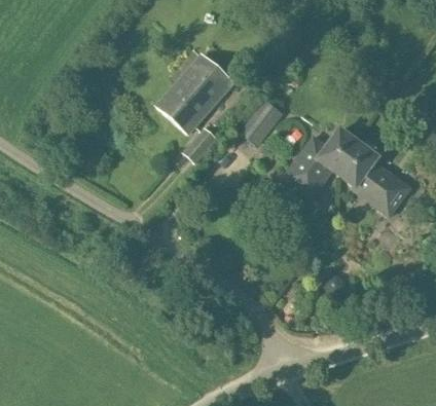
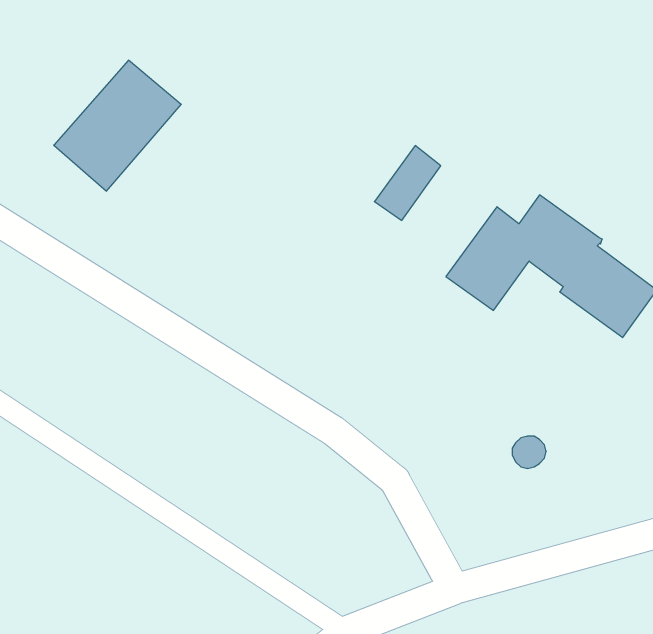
building: [156,53,233,133] -> [54,60,181,191]
building: [184,126,218,162] -> none

